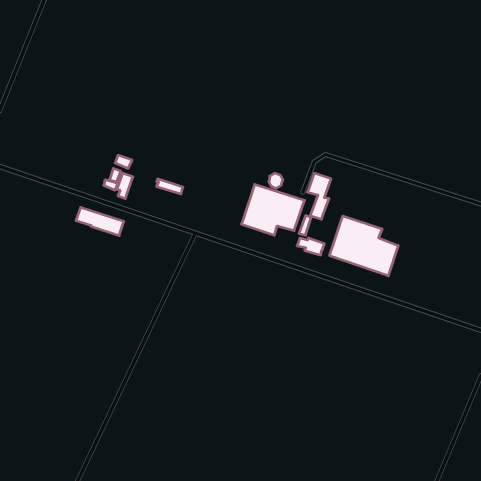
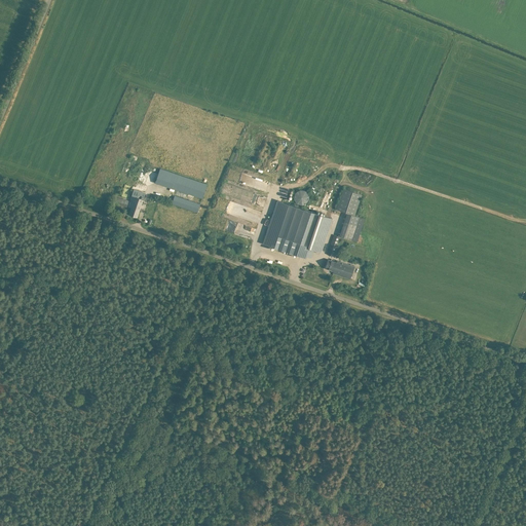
building: [76,207,124,236] -> [154,168,206,199]
building: [330,216,398,276] -> none

